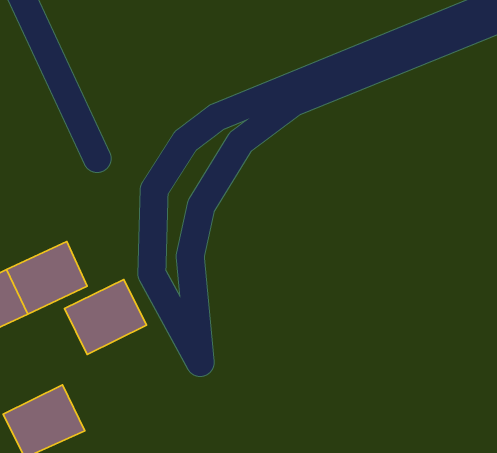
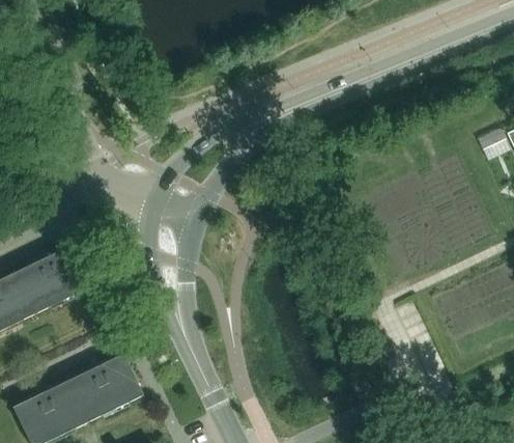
building: [65,279,146,354] -> [67,352,143,421]

